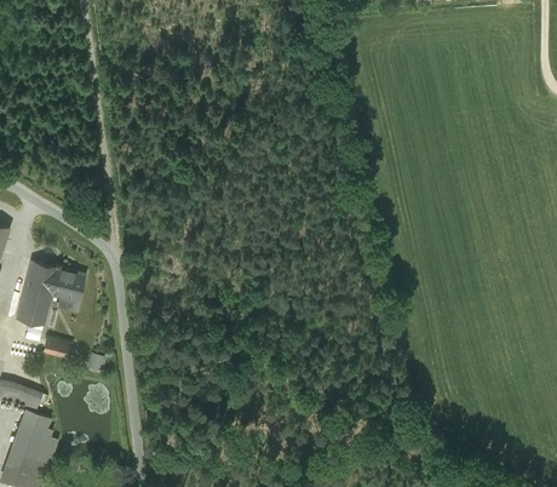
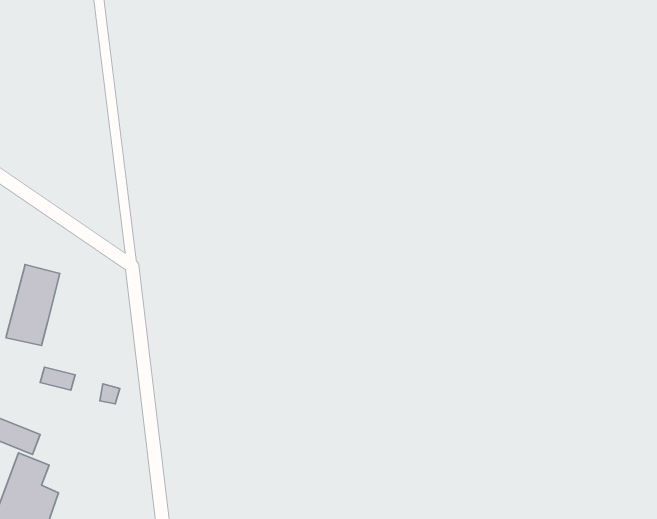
building: [48,267,85,311] -> none

